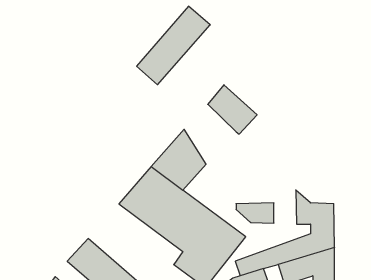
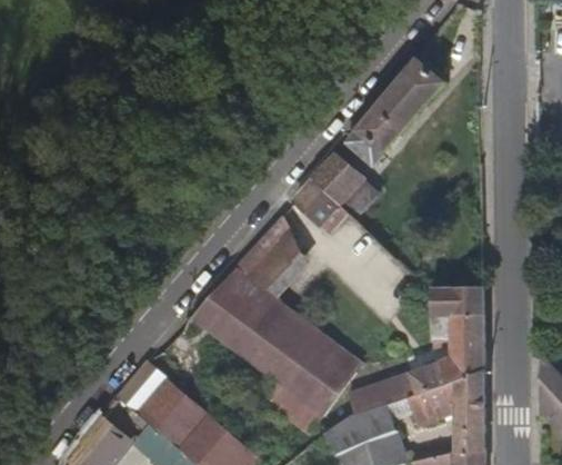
building: [137,6,210,85] -> [344,58,445,166]
building: none -> [293,179,350,235]
building: [236,203,274,223] -> [432,288,484,316]

